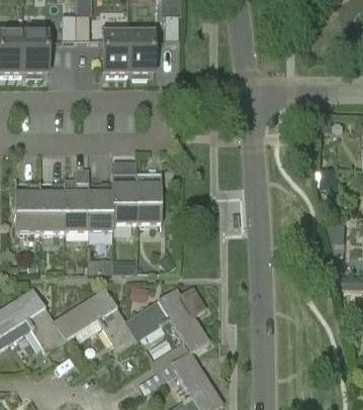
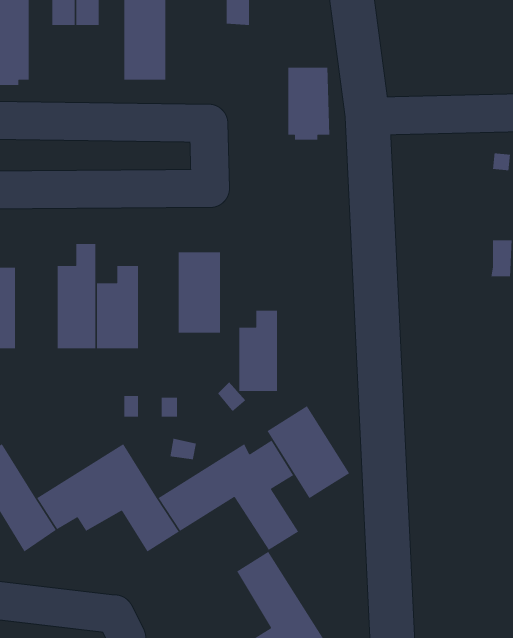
building: [129,33,155,77] -> [287,67,330,140]
building: [113,175,137,223] -> [239,310,278,392]
building: [40,183,65,232] -> none
building: none -> [266,405,350,499]

